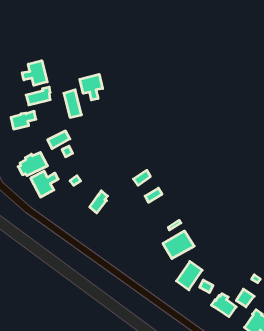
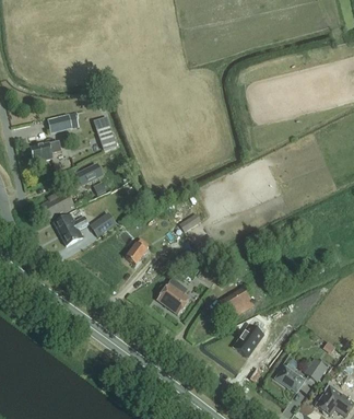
building: [22,61,47,85] -> none
building: [80,74,103,100] -> none
building: none -> [157,278,188,313]

